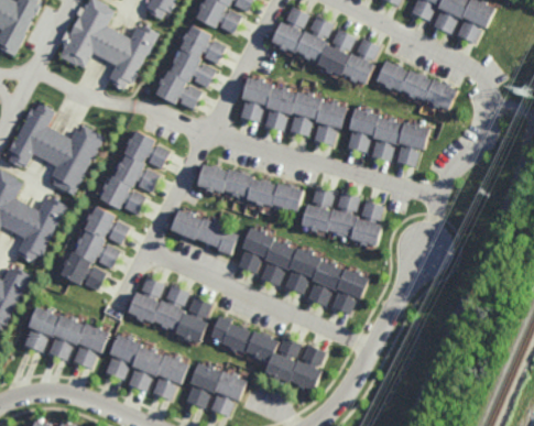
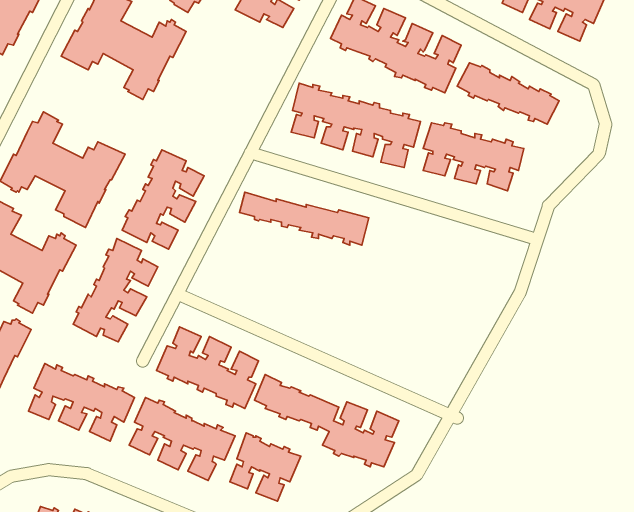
building: [154,26,225,109] -> none
building: [302,185,383,243] -> none
building: [174,207,238,253] -> none
building: [238,226,369,313] -> none

